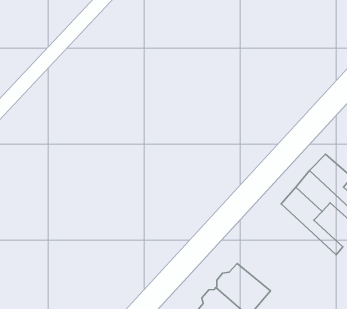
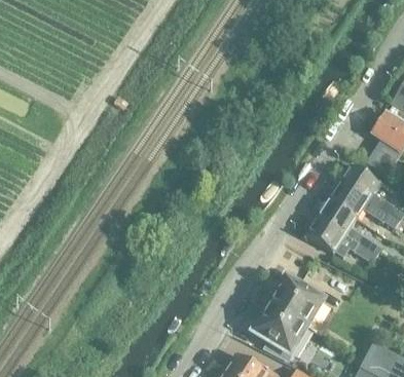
building: none -> [306,217,376,263]

